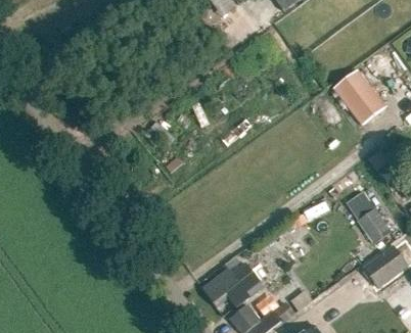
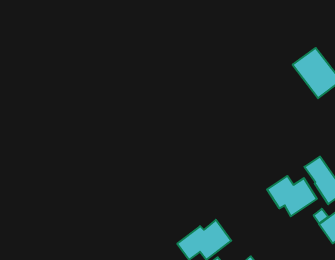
building: none -> [267,176,317,216]

